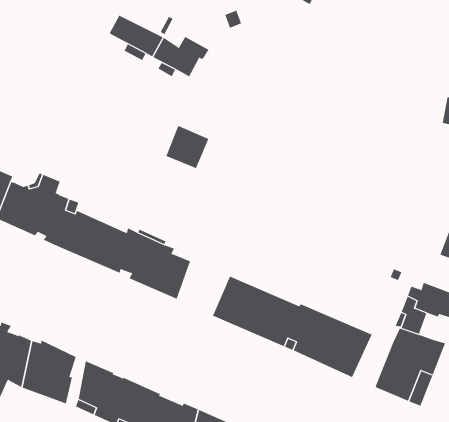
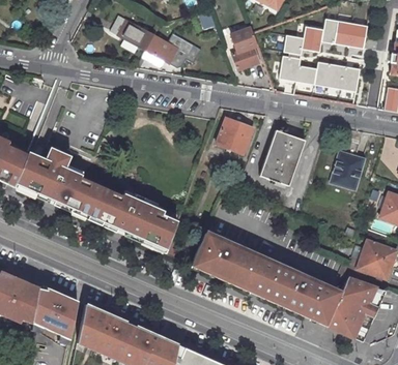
building: none -> [279,18,368,91]
building: none -> [228,27,257,69]
building: [166,125,209,169] -> [215,117,251,153]
building: none -> [262,130,308,186]
building: none -> [333,150,368,190]
building: none -> [310,282,343,326]

